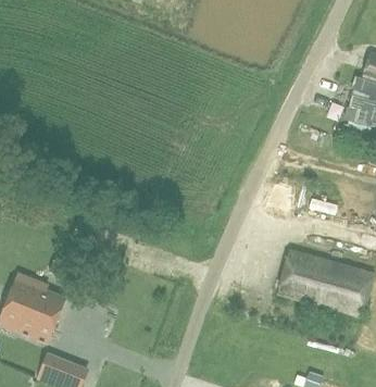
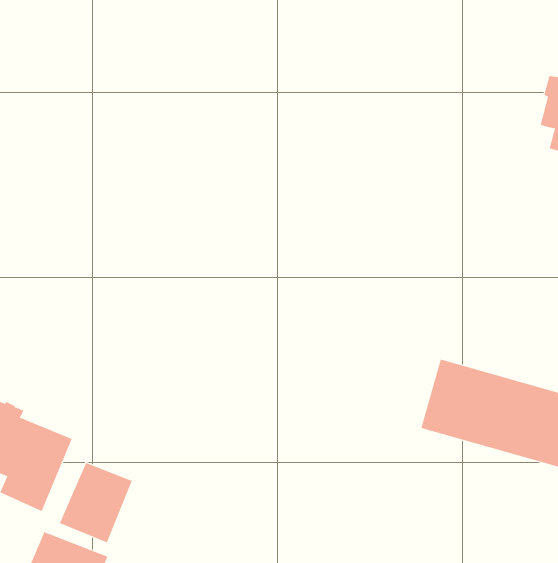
building: none -> [59,462,132,543]

